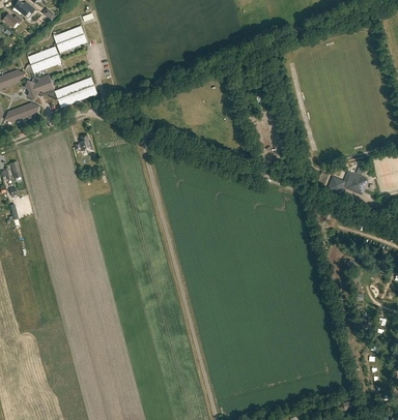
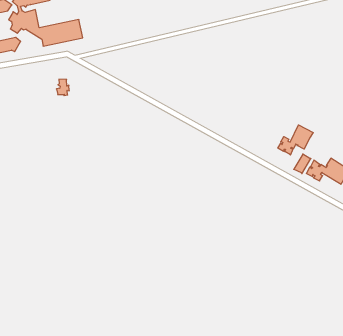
building: none -> [278,125,313,155]

